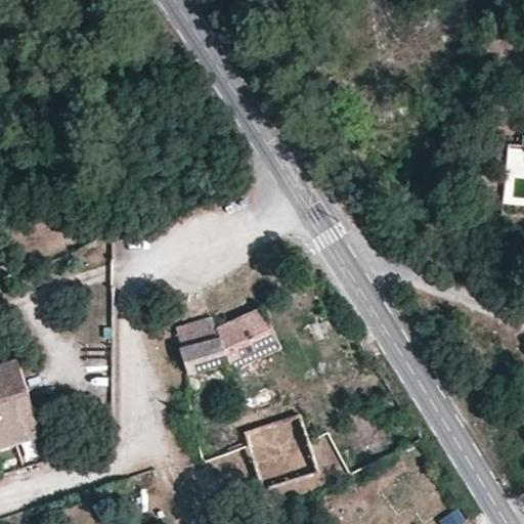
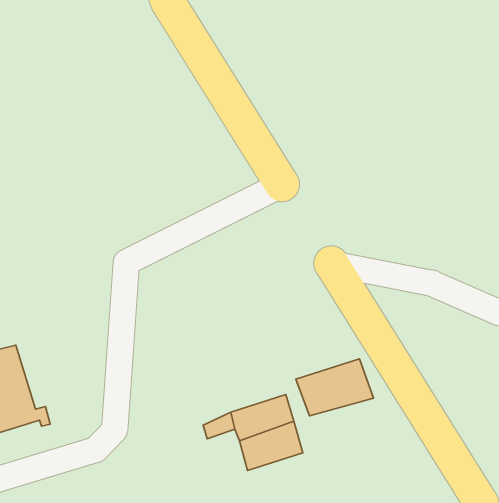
building: [174,303,278,373] -> none
building: none -> [296,359,374,416]

